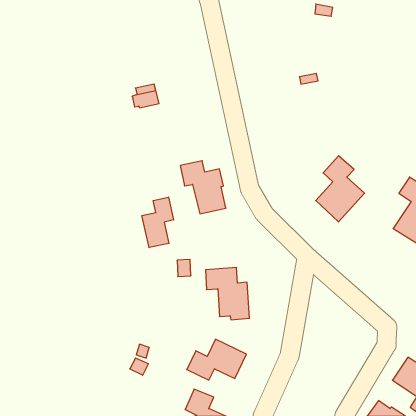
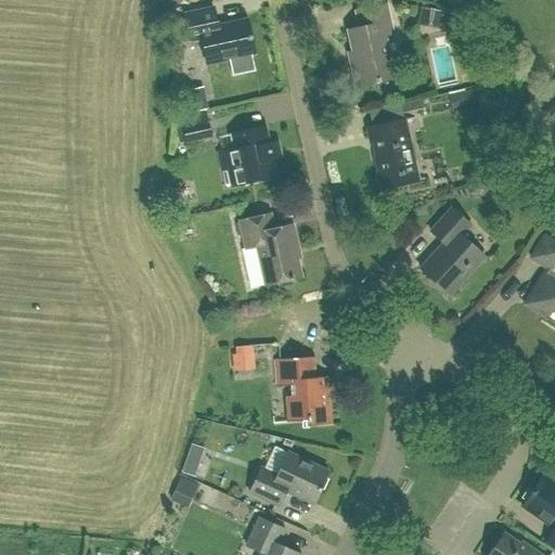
building: none -> [349,4,393,86]
building: none -> [184,8,255,75]
building: none -> [366,118,420,188]
building: none -> [219,126,275,185]
building: [142,197,174,248] -> none

